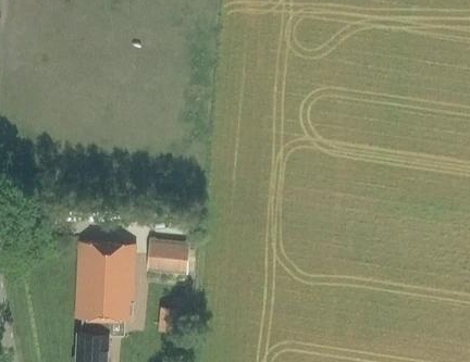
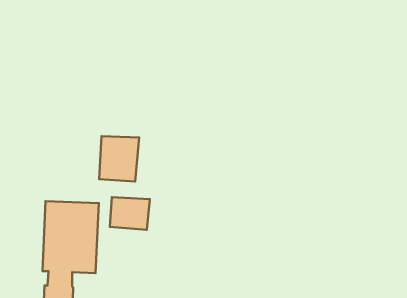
building: none -> [99,136,139,182]

